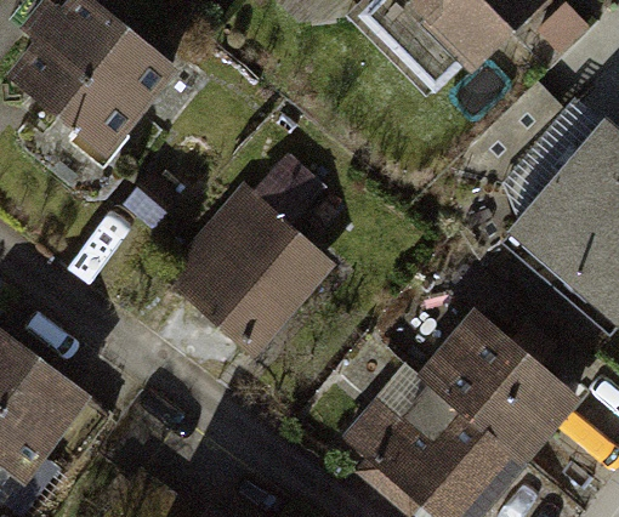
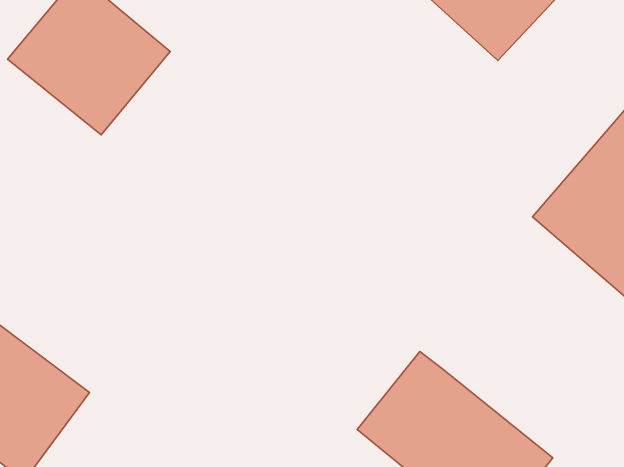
building: [166,186,333,350] -> none
building: [426,316,583,464] -> none

